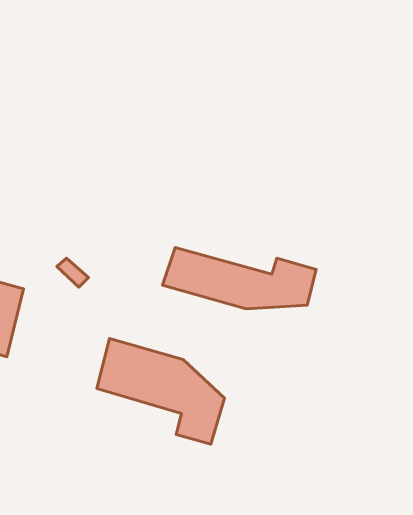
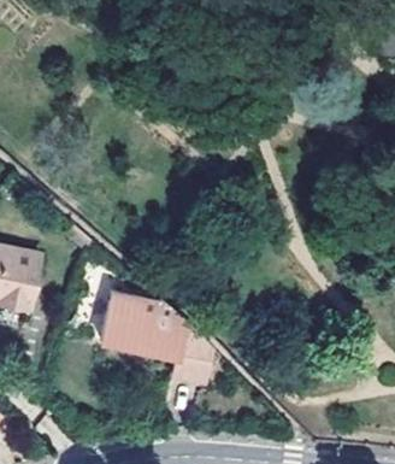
building: [163,247,316,309] -> none

